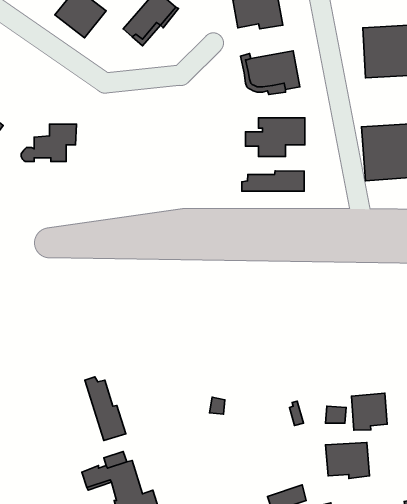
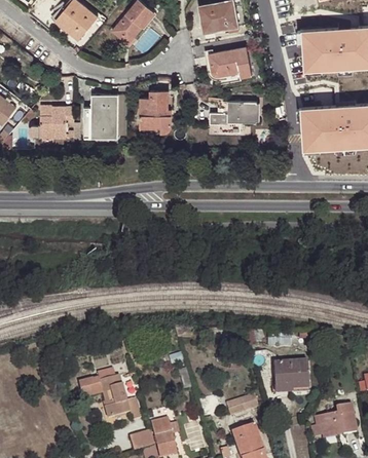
building: none -> [141,91,172,133]
building: none -> [83,96,119,138]
building: [242,171,304,191] -> none
building: [85,377,126,441] -> none
building: [351,393,387,430] -> none

